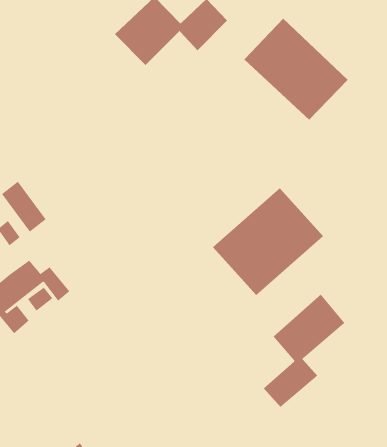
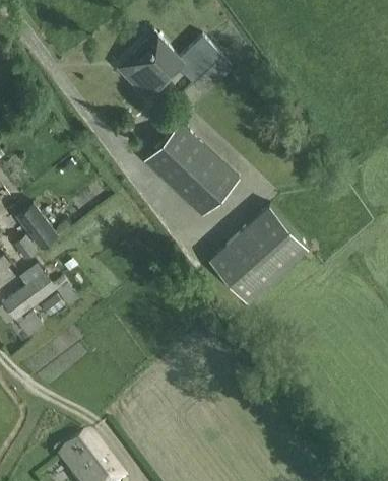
building: [244,18,348,120] -> [144,123,239,215]
building: [263,294,345,408] -> none

